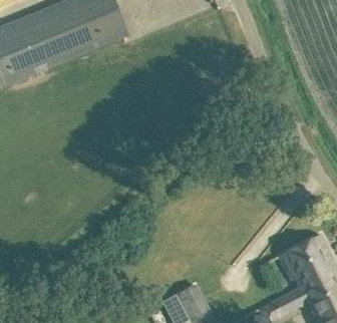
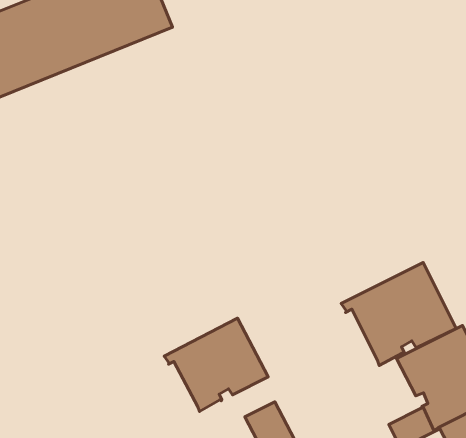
building: none -> [341,263,456,366]
building: none -> [164,318,268,411]

